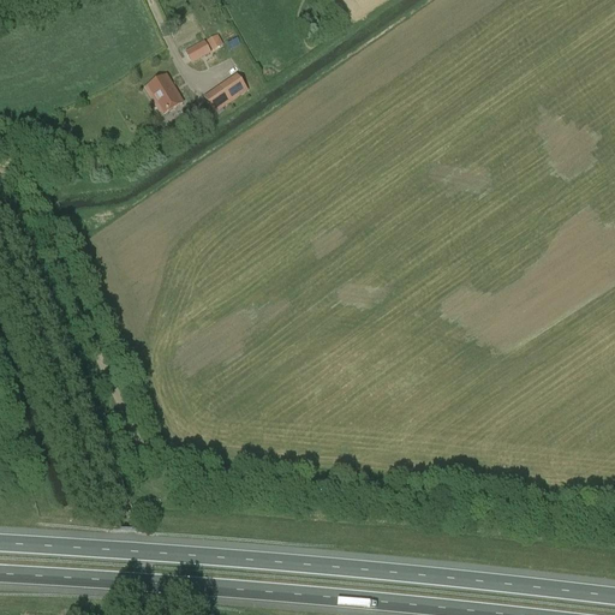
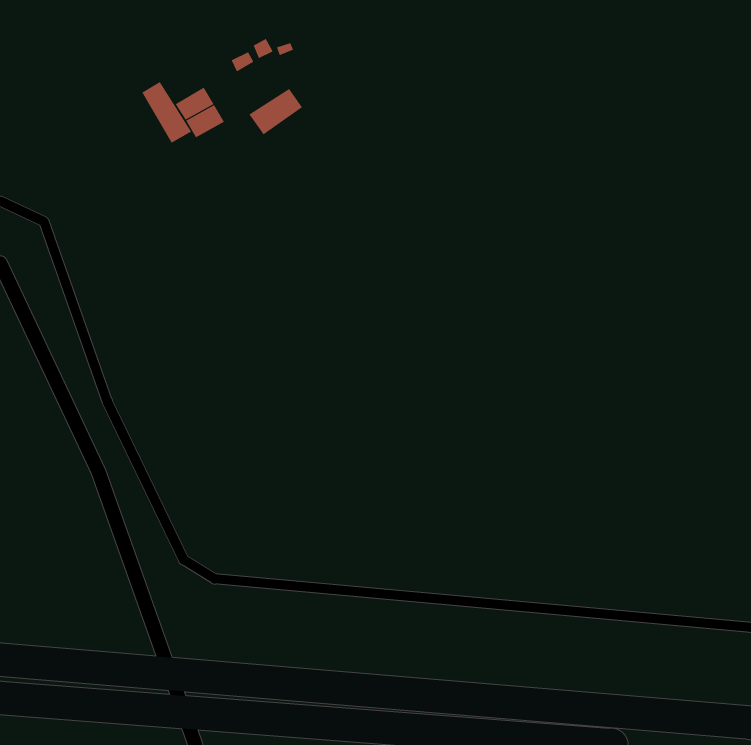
building: none -> [142,81,192,143]

